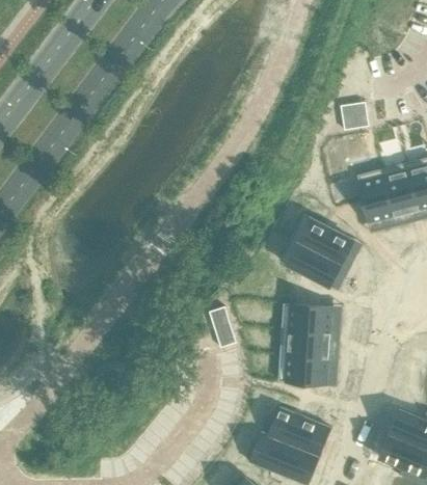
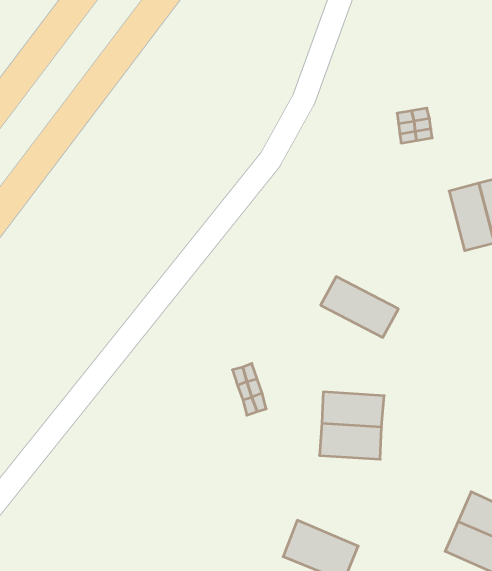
building: [359,168,397,222] -> none
building: [294,214,355,263] -> none
building: [284,303,335,332] -> none
building: [263,406,324,453] -> none

